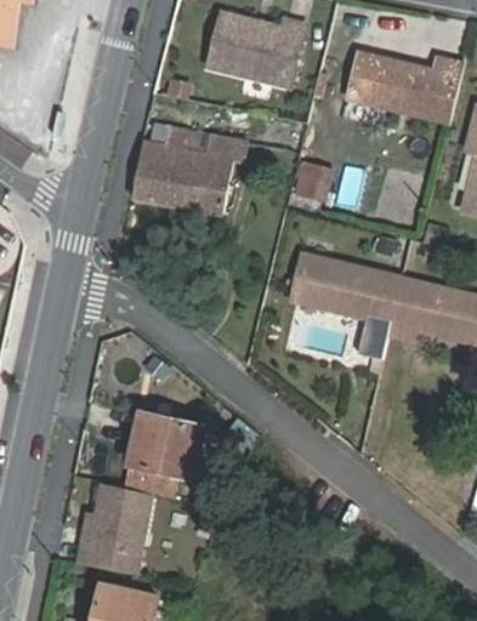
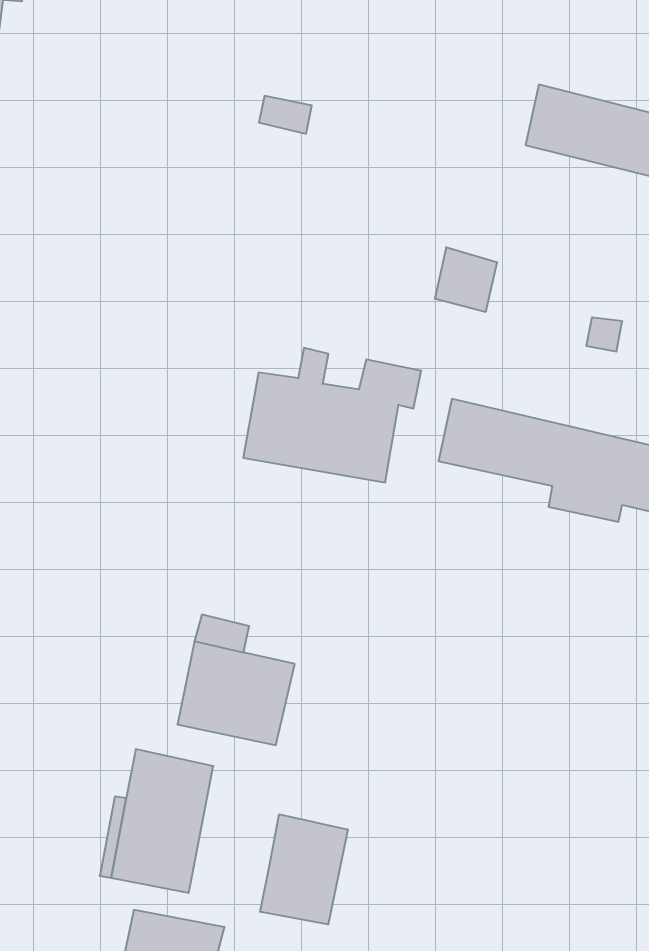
building: [209,13,306,85] -> none
building: [132,126,246,212] -> [243,348,421,482]
building: none -> [260,814,348,925]

